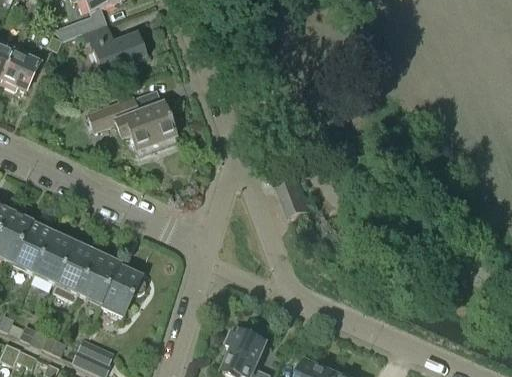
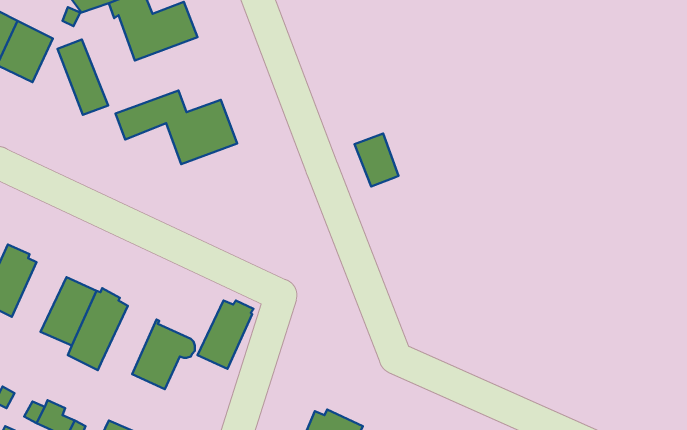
building: none -> [58,39,108,115]
building: [277,179,309,218] -> [355,133,398,187]
building: [10,223,50,274] -> none
building: [76,255,117,305] -> [198,301,253,369]

